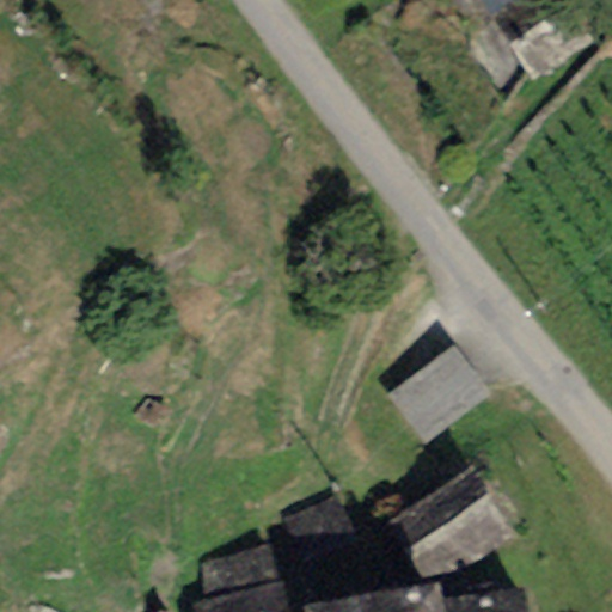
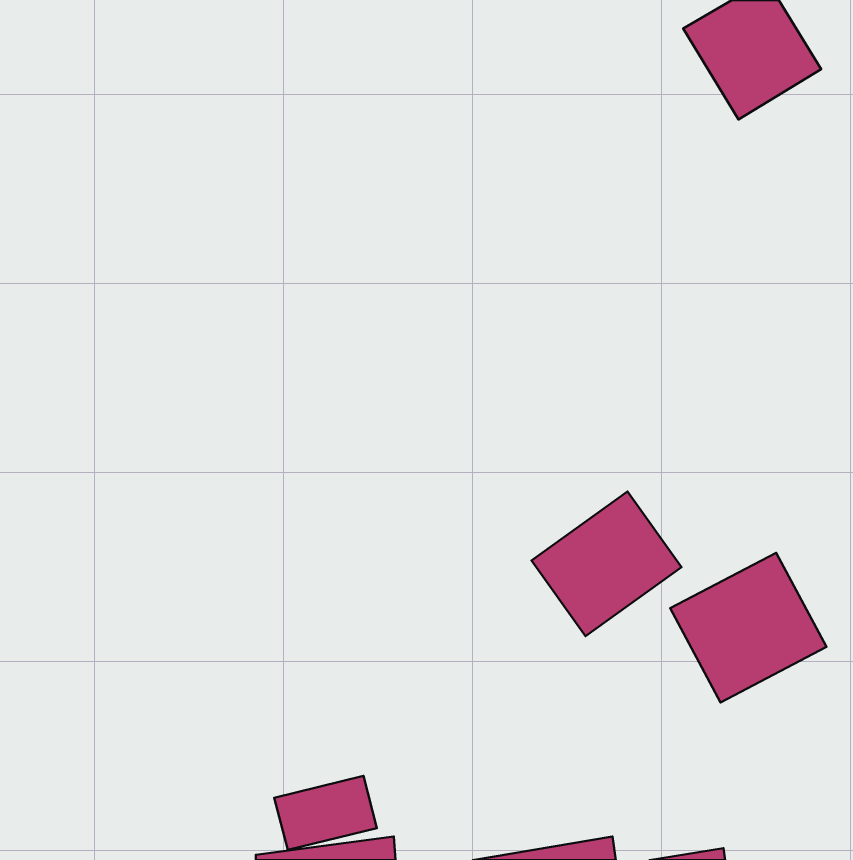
building: [406,467,518,574] -> [670,553,827,703]

